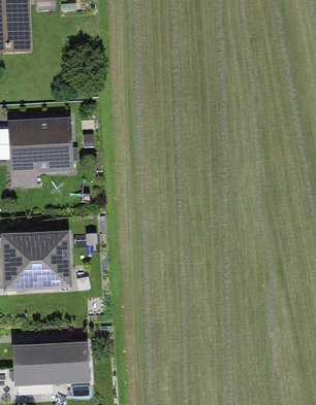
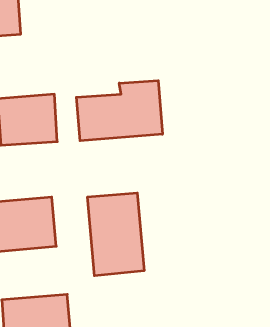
building: none -> [76,81,162,141]
building: none -> [88,193,144,276]

